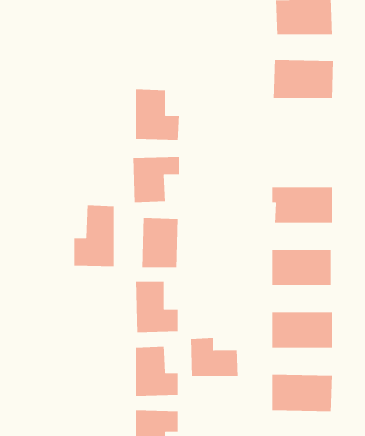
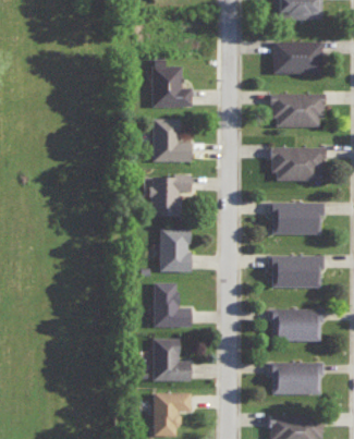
building: none -> [151,59,192,107]
building: none -> [270,147,322,181]
building: [73,205,115,267] -> none
building: [190,337,239,377] -> none

